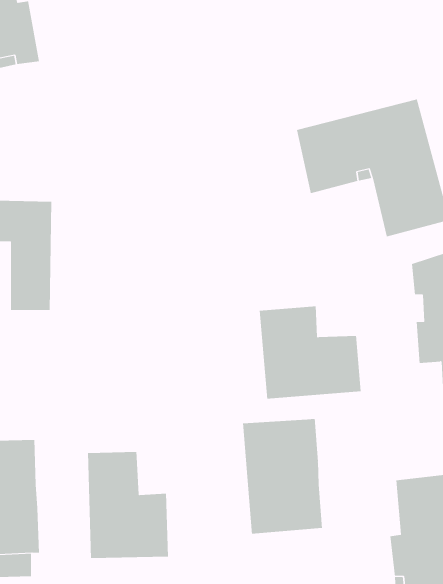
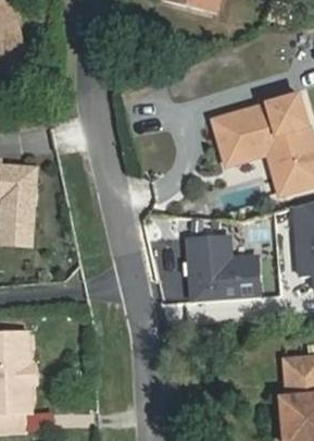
building: [242,418,322,534] -> none
building: [88,451,168,559] -> none

